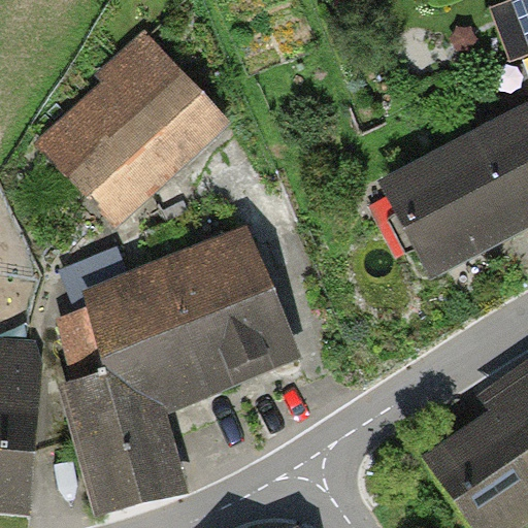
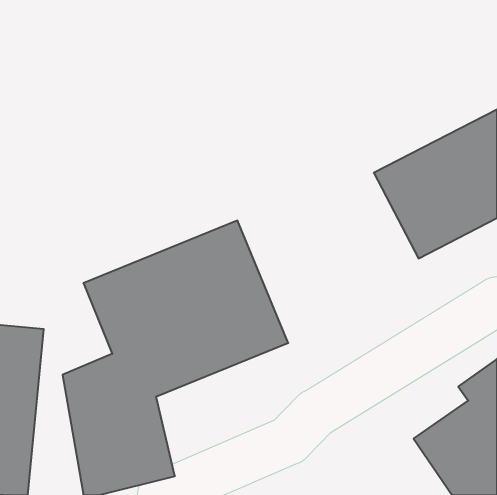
building: [35,33,229,224] -> none

